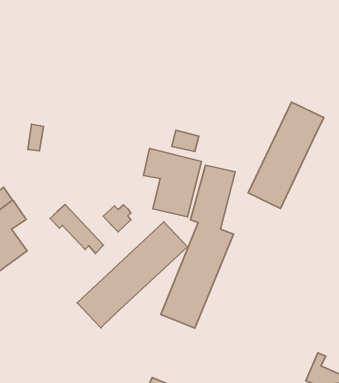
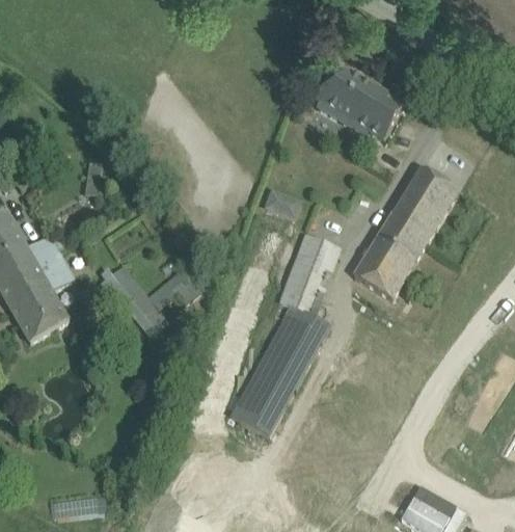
building: none -> [316,63,407,140]
building: [144,148,202,217] -> none
building: [77,222,188,328] -> none

